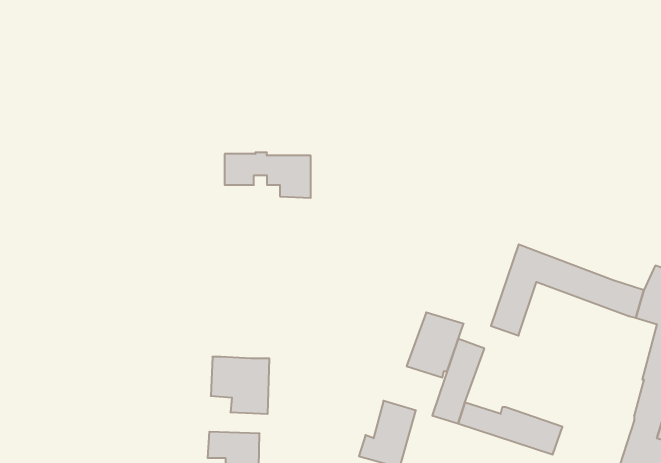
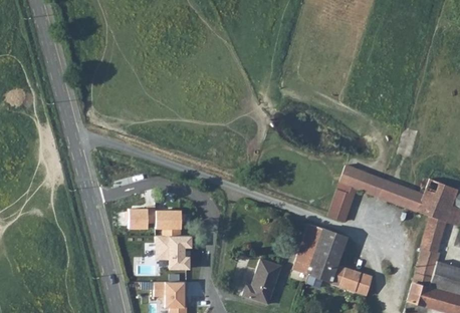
building: [225,152,311,198] -> [128,208,181,236]
building: [407,312,464,378] -> [312,230,348,270]

